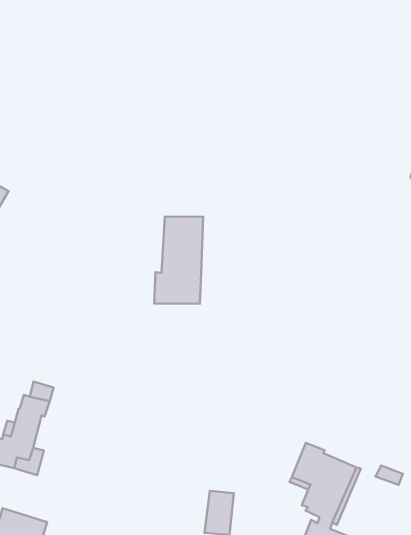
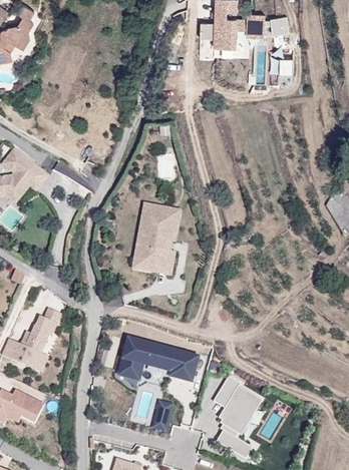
building: none -> [132,202,180,274]
building: none -> [117,337,198,381]

